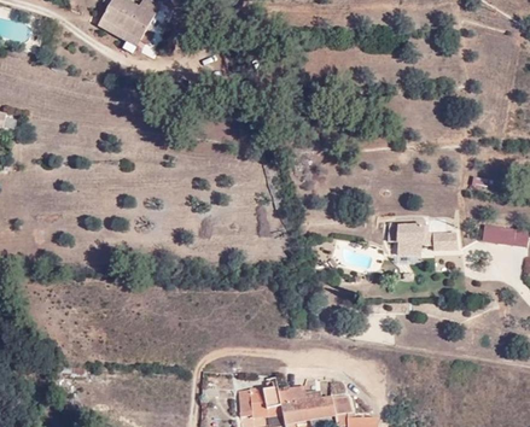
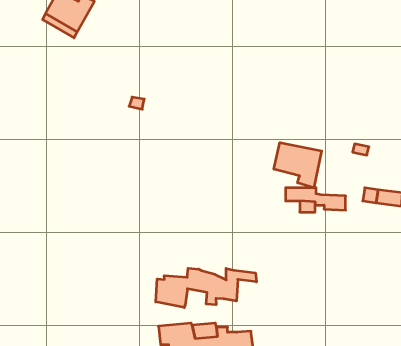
building: none -> [274,143,322,188]
building: none -> [156,268,256,308]

